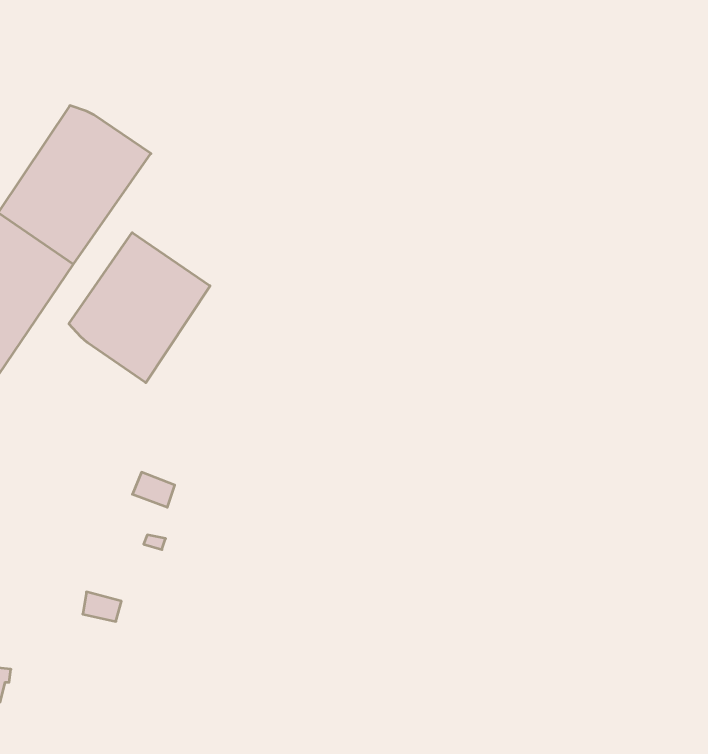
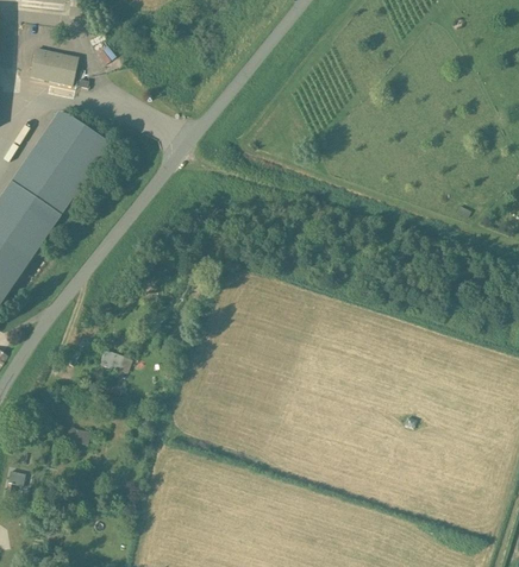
building: none -> [30,50,80,84]
building: [69,233,210,383] -> none

